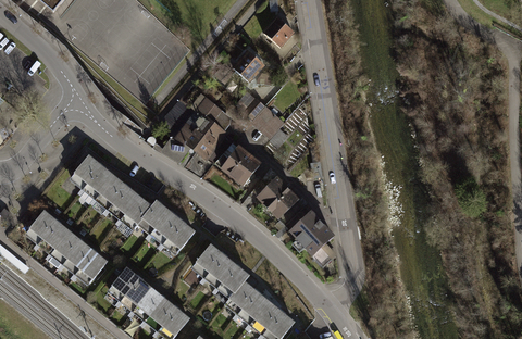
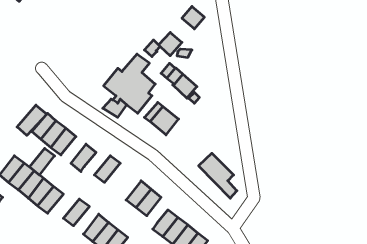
building: none -> [17,105,47,135]
building: [257,179,303,223] -> none
building: [107,185,139,219] -> [30,148,55,175]
building: [137,199,171,235] -> none
building: [163,219,196,255] -> none
building: [219,264,251,298] -> none
building: [123,276,156,312] -> none

